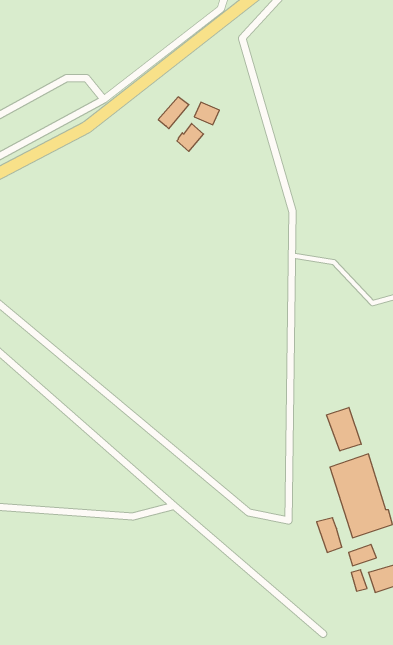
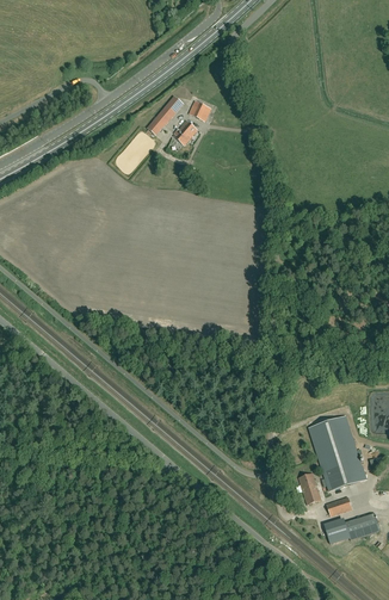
building: [326,407,361,451] -> none

